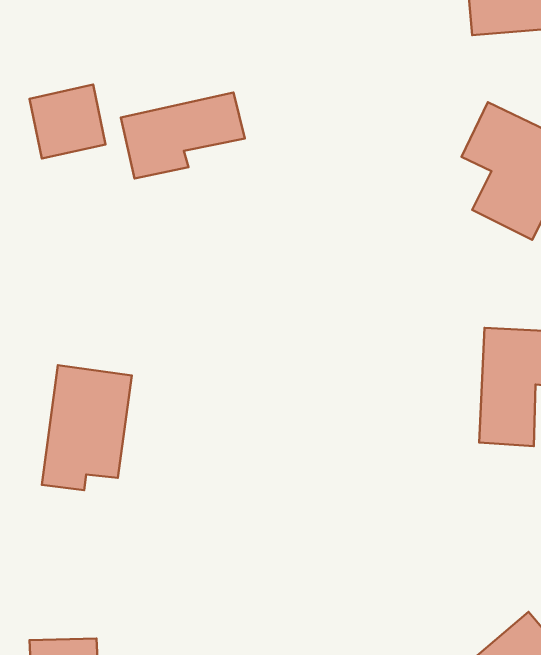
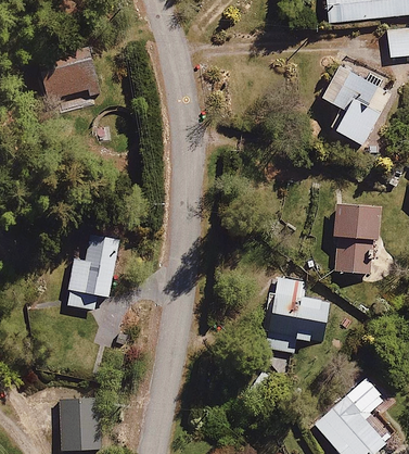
building: [121,92,245,178] -> none
building: none -> [272,285,333,327]

